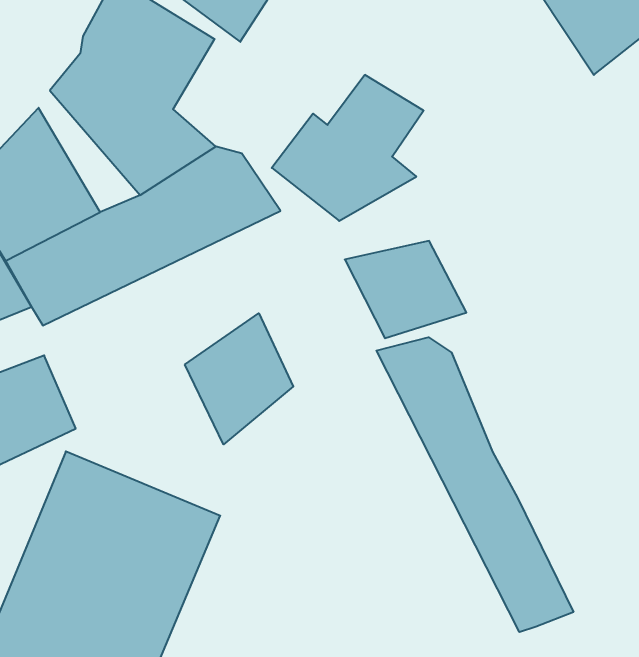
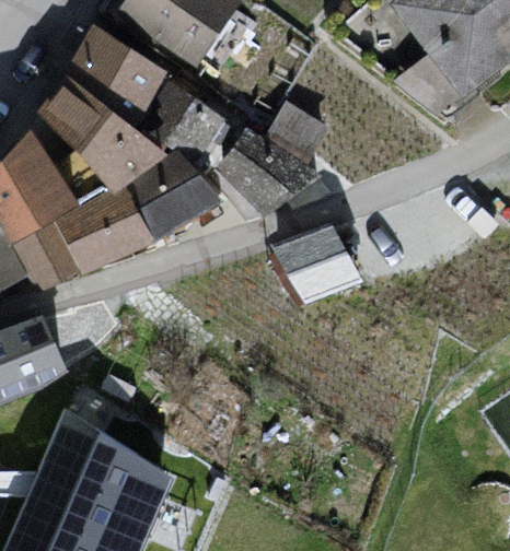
building: none -> [138,79,235,163]
building: [185,313,293,444] -> none
building: [376,337,573,632] -> none

